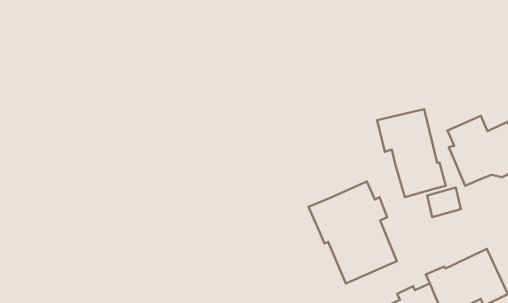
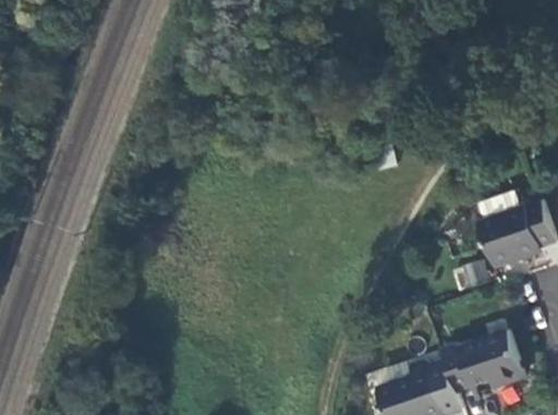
building: [377,109,446,197] -> none
building: [309,181,397,284] -> none

